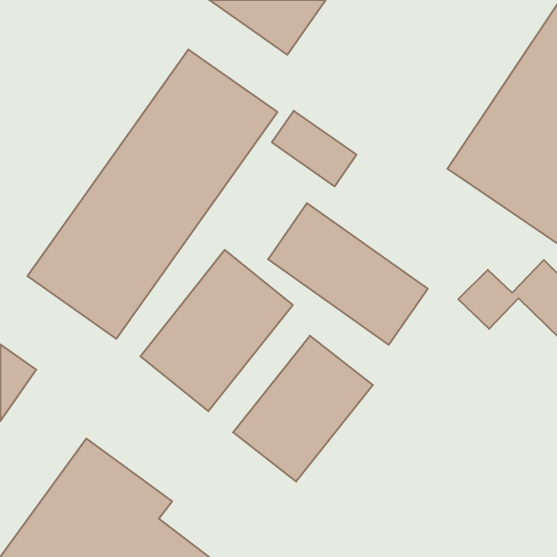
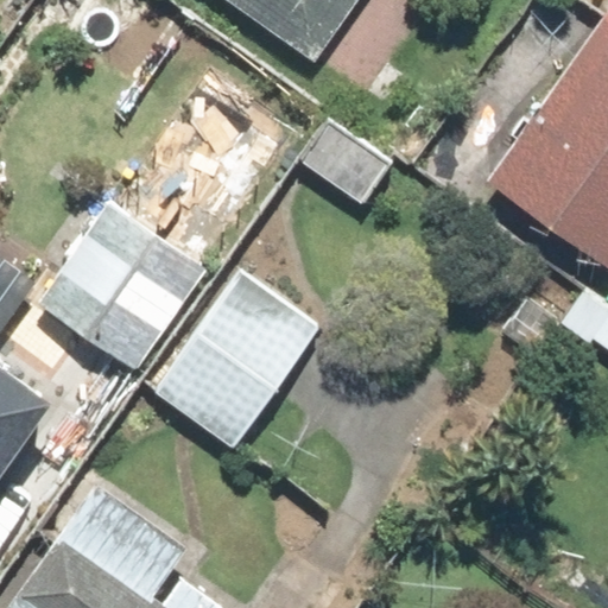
building: [268,203,428,345] -> none
building: [233,336,373,482] -> none

